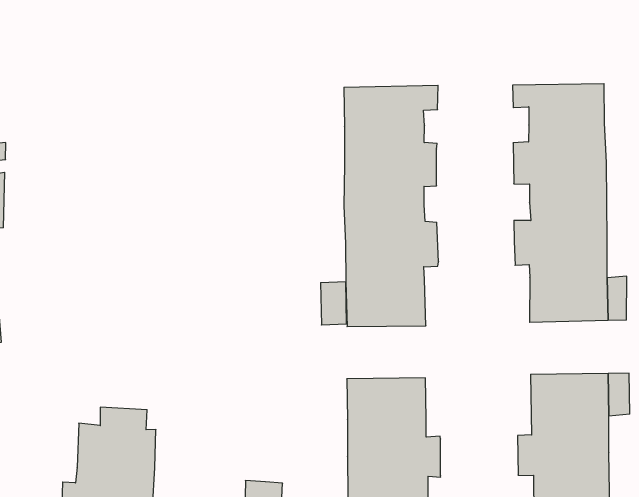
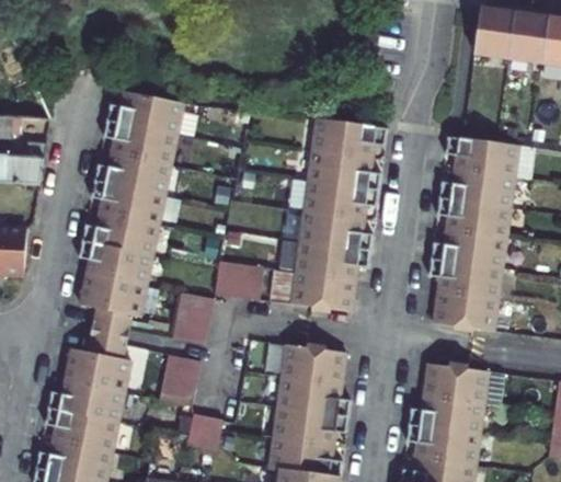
building: none -> [79,92,183,328]
building: none -> [214,261,262,298]
building: none -> [172,292,211,343]
building: none -> [160,353,199,403]

